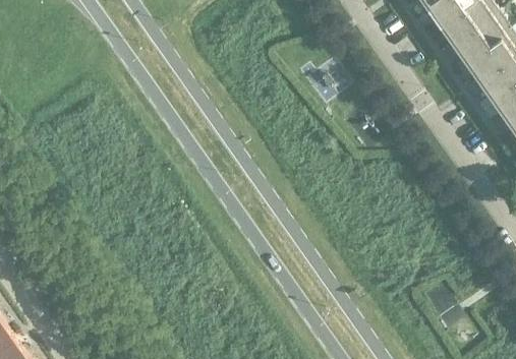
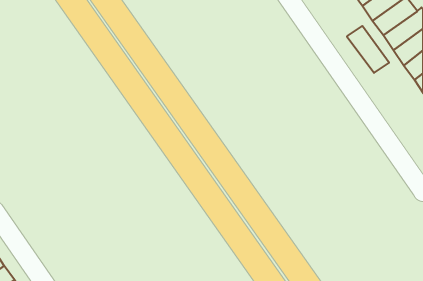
building: none -> [347,26,389,73]

